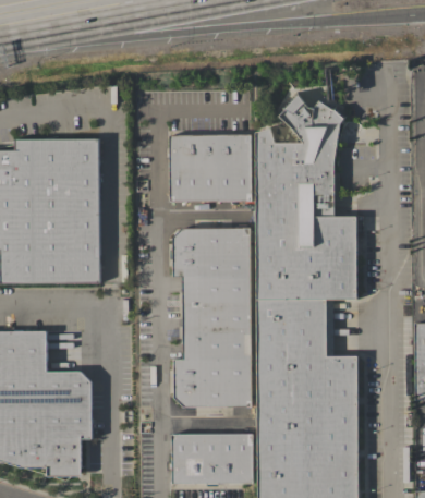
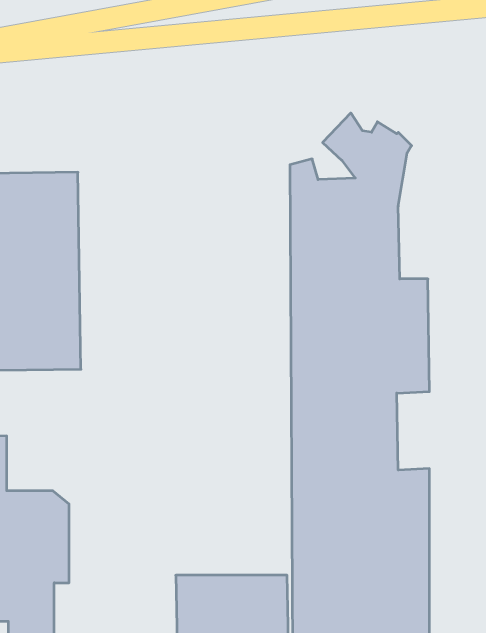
building: [170,134,252,202] -> none
building: [172,228,252,406] -> none

